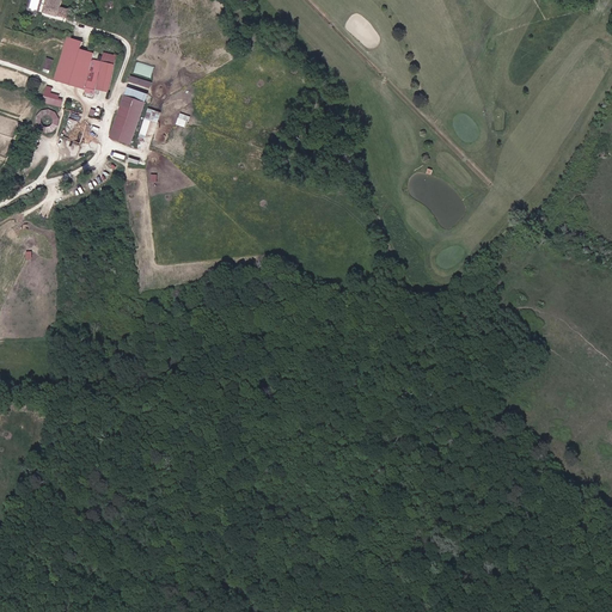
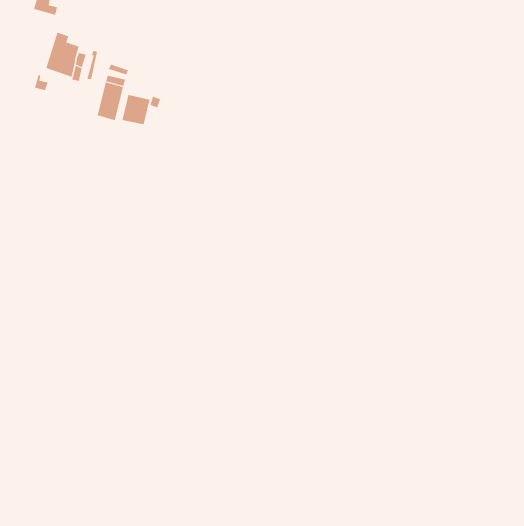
building: none -> [122,94,150,125]

